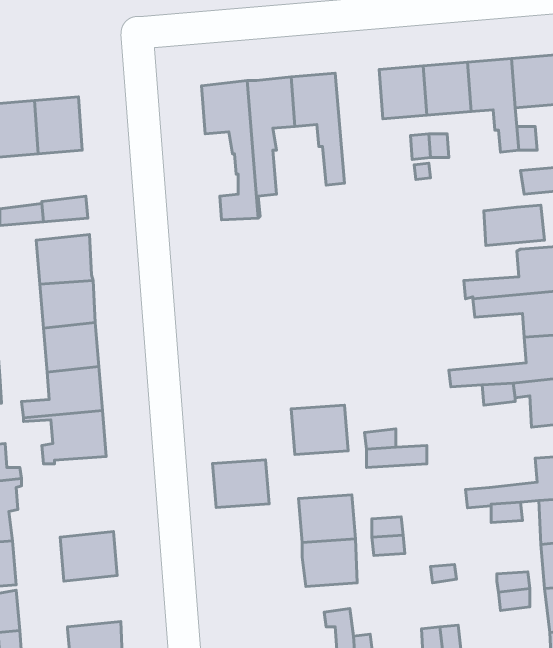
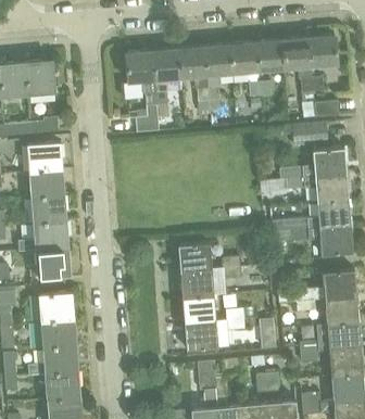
building: none -> [204,43,232,111]
building: [212,460,269,507] -> [180,269,214,297]
building: none -> [39,292,73,320]
building: none -> [28,343,77,376]

